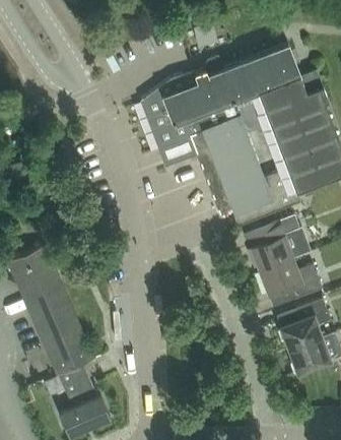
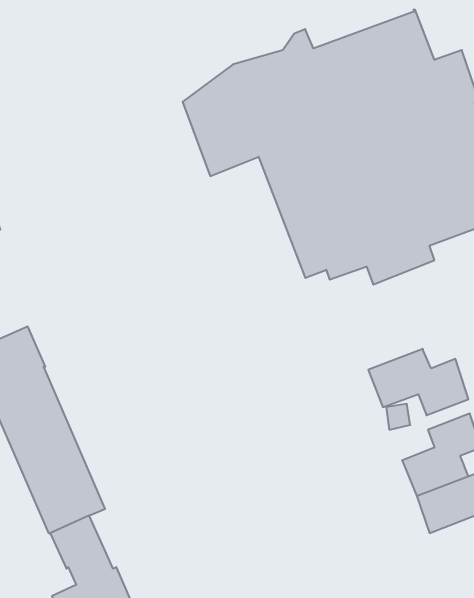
building: [246,216,309,272] -> none

